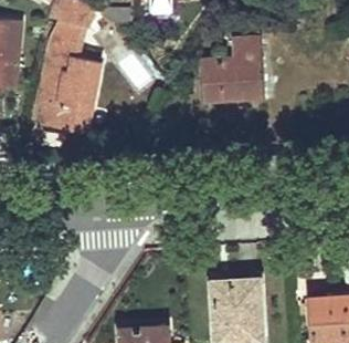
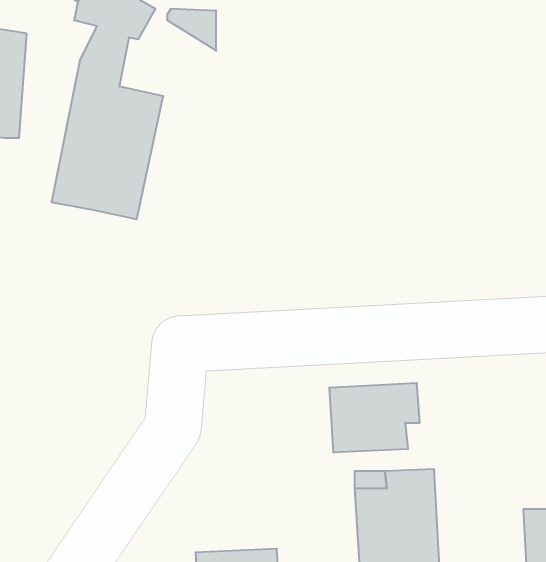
building: [200,40,264,100] -> none
building: none -> [329,383,419,453]

